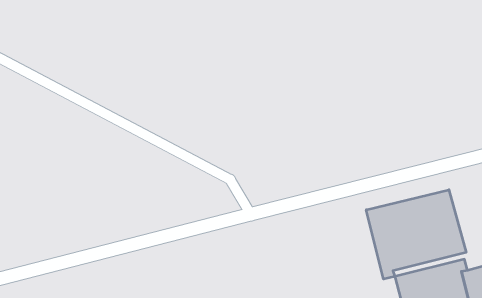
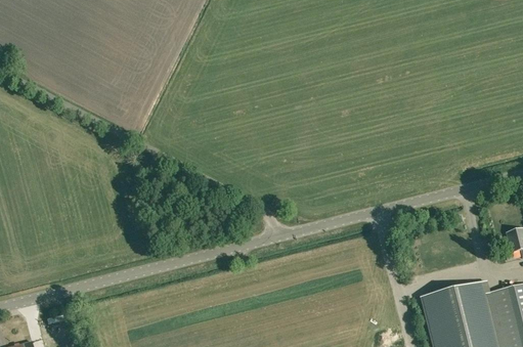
building: [366,190,466,279] -> none

